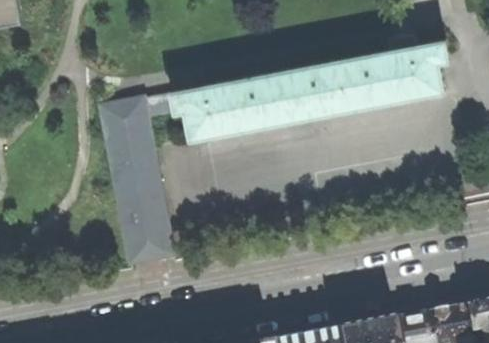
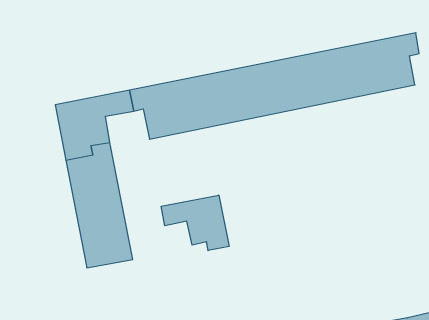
building: none -> [161,195,229,251]

